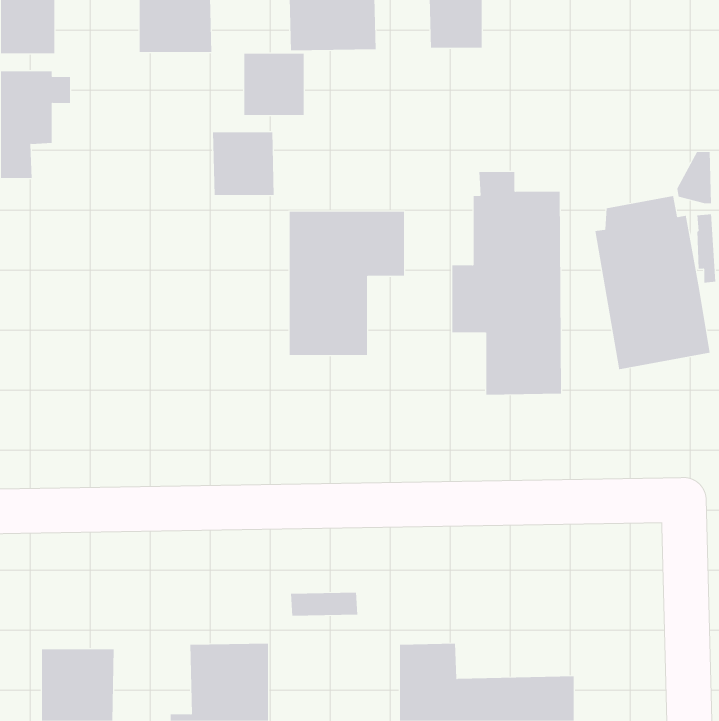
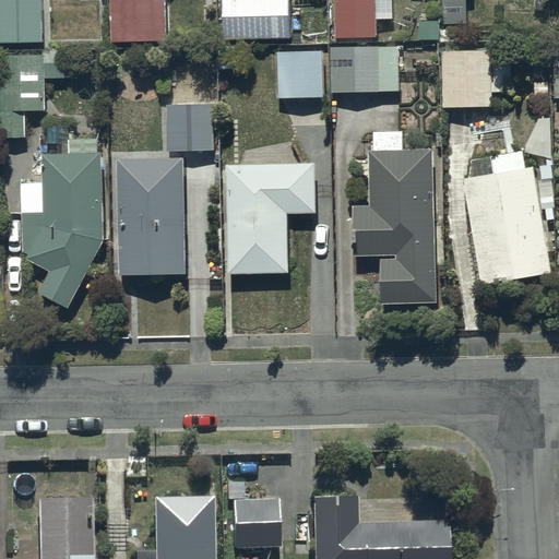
building: [244,53,304,116] -> [276,50,323,98]
building: none -> [332,46,401,93]
building: none -> [442,51,513,107]
building: none -> [20,138,103,308]
building: none -> [116,158,185,277]
building: none -> [226,480,278,548]

